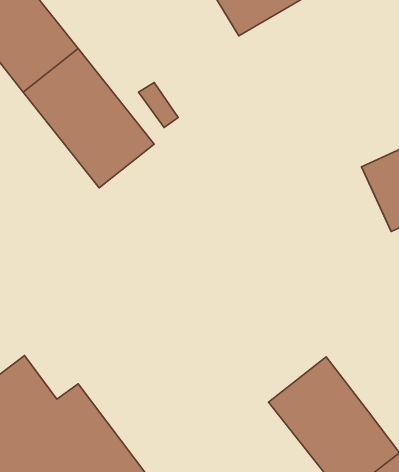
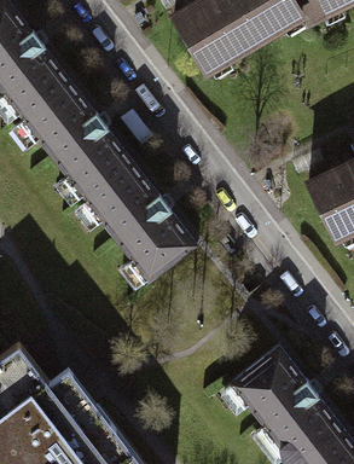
building: none -> [86,162,198,280]

